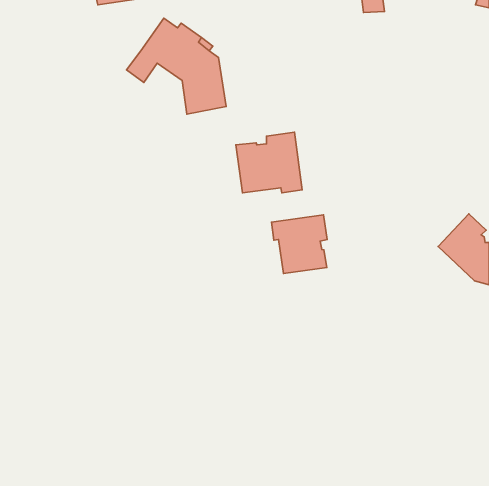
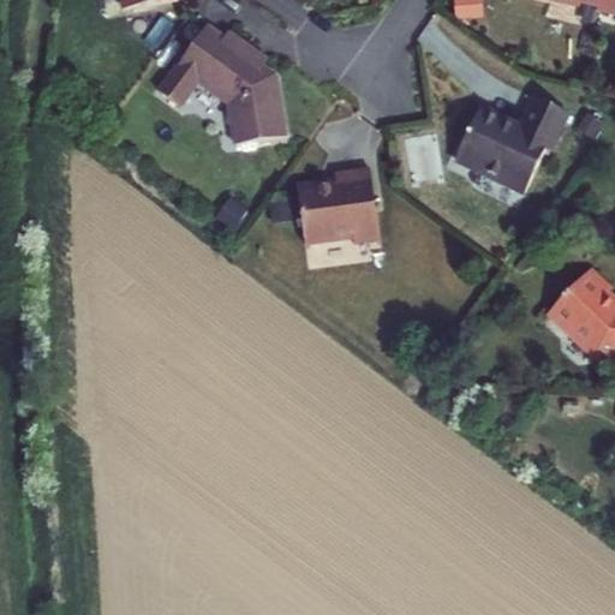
building: none -> [455,95,568,190]
building: [272,215,327,273] -> none

